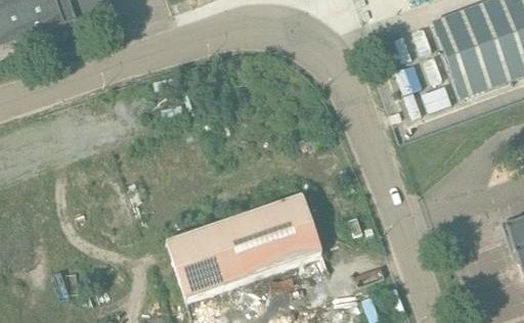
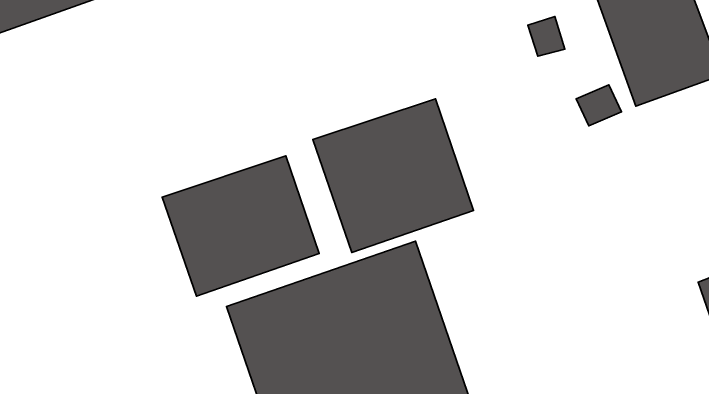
building: none -> [313,99,473,252]
building: none -> [162,156,319,296]

